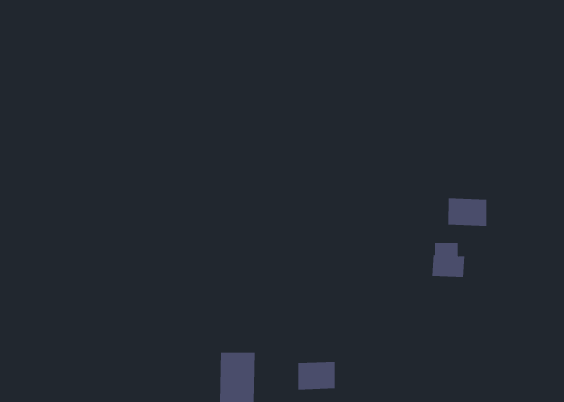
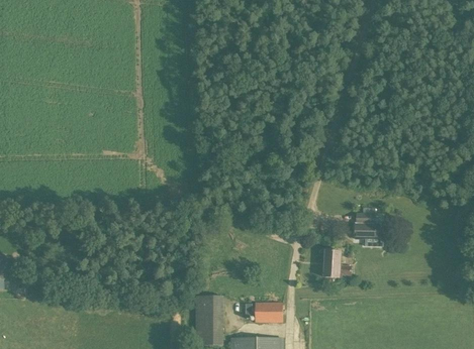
building: [448,197,487,227] -> none
building: none -> [323,250,351,277]

